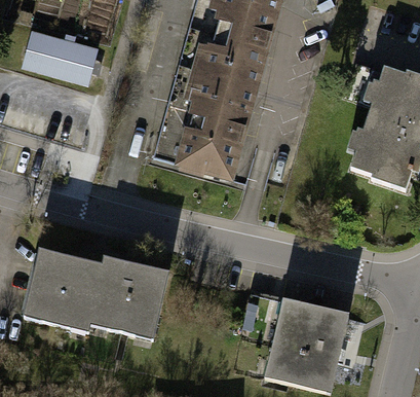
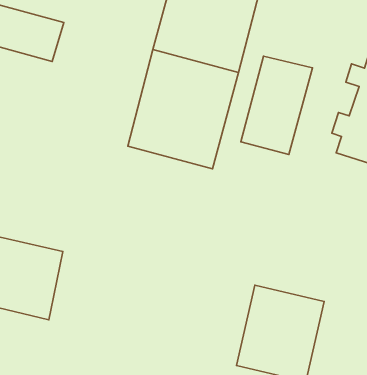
building: none -> [241,56,312,154]
building: [86,258,162,334] -> none

